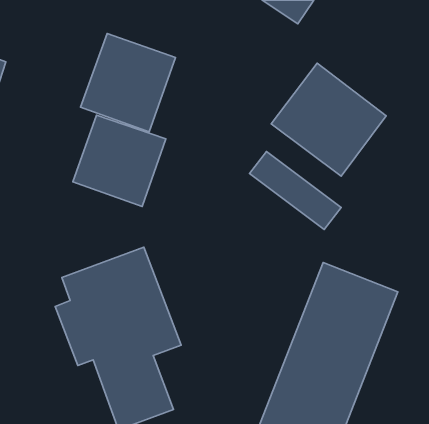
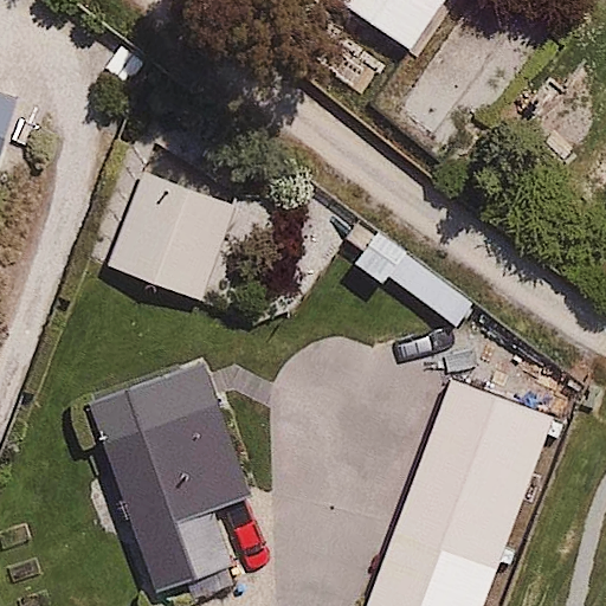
building: [80,33,175,132] -> none
building: [271,63,386,176] -> none

